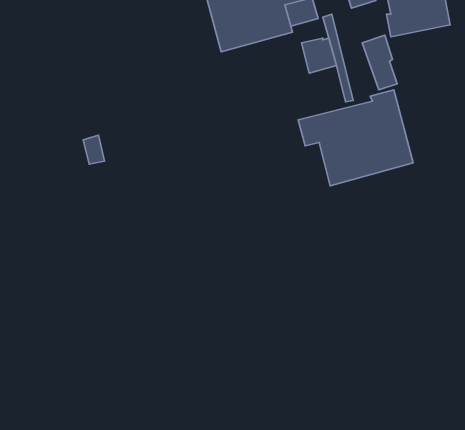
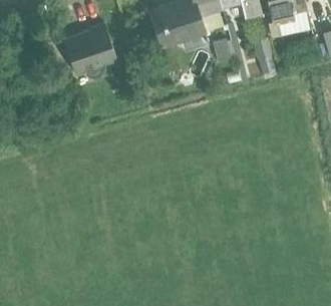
building: none -> [62,23,116,79]
building: [298,90,413,186] -> none

